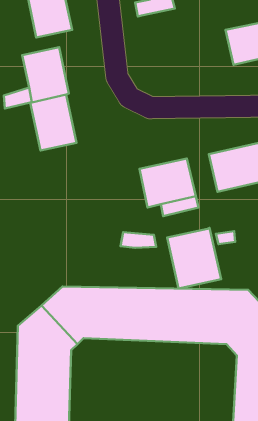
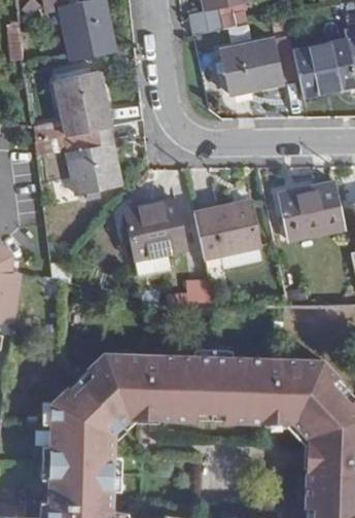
building: none -> [223,36,301,96]
building: none -> [122,201,184,275]
building: [167,228,221,289] -> none

